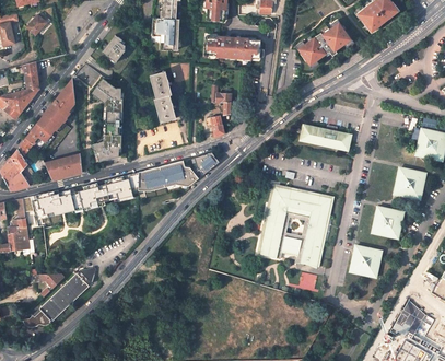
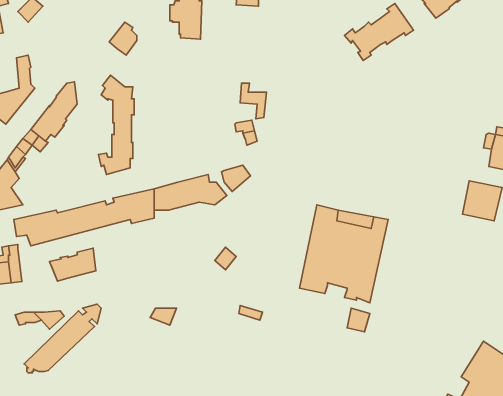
building: [204,35,261,59] -> none
building: [150,71,176,121] -> none
building: [300,125,351,151] -> none
building: [45,153,83,181] -> [49,248,96,281]
building: [372,206,403,237] -> none
building: [350,244,382,277] -> none

